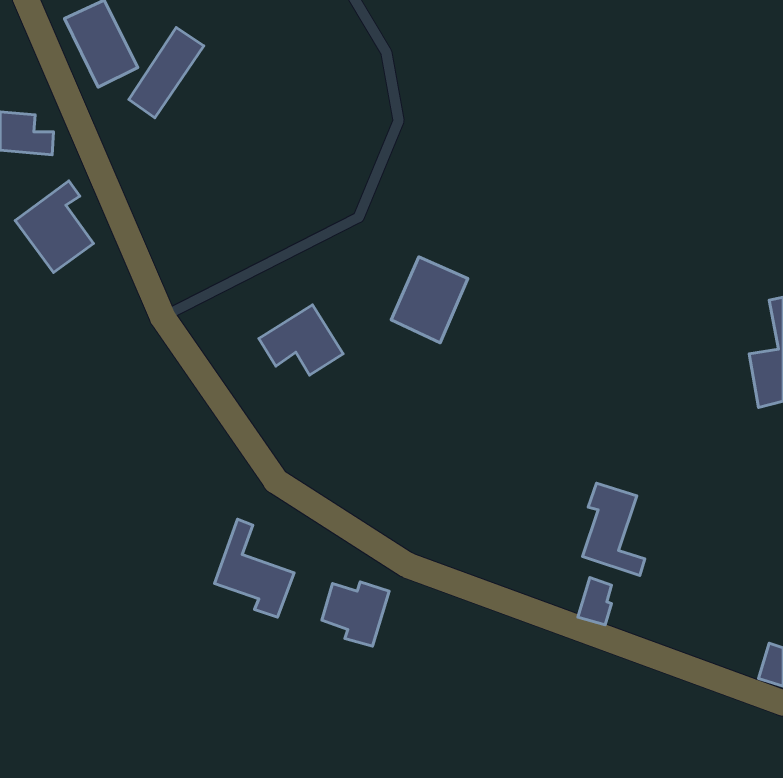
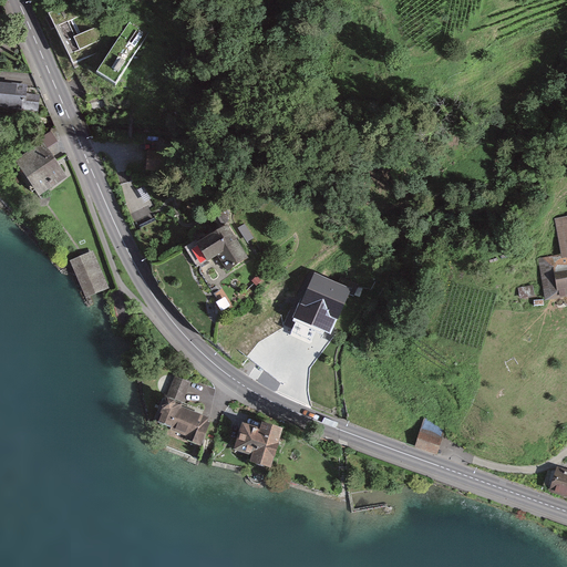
building: [391,257,468,343] -> [295,272,350,334]
building: none -> [70,249,110,297]
building: [583,483,645,576] -> none

